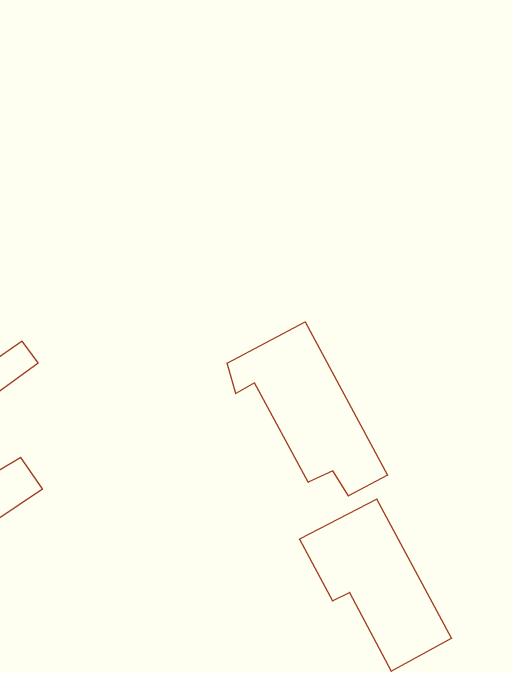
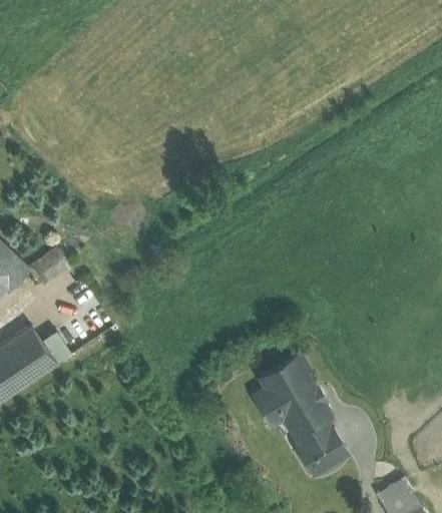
building: [227,322,388,496] -> none

